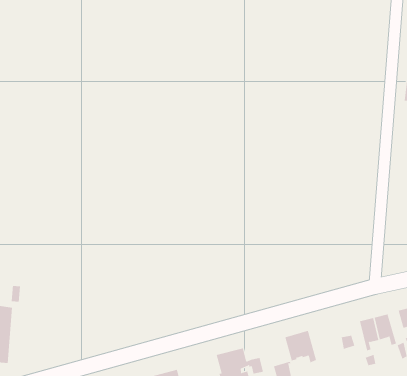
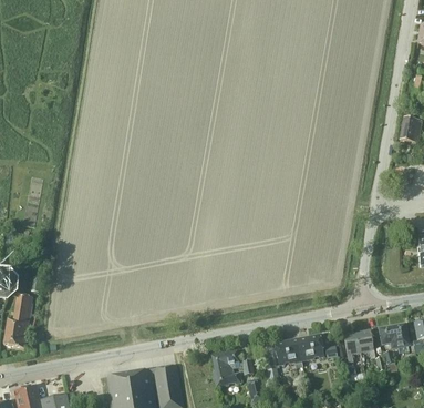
building: none -> [297,334,324,360]

